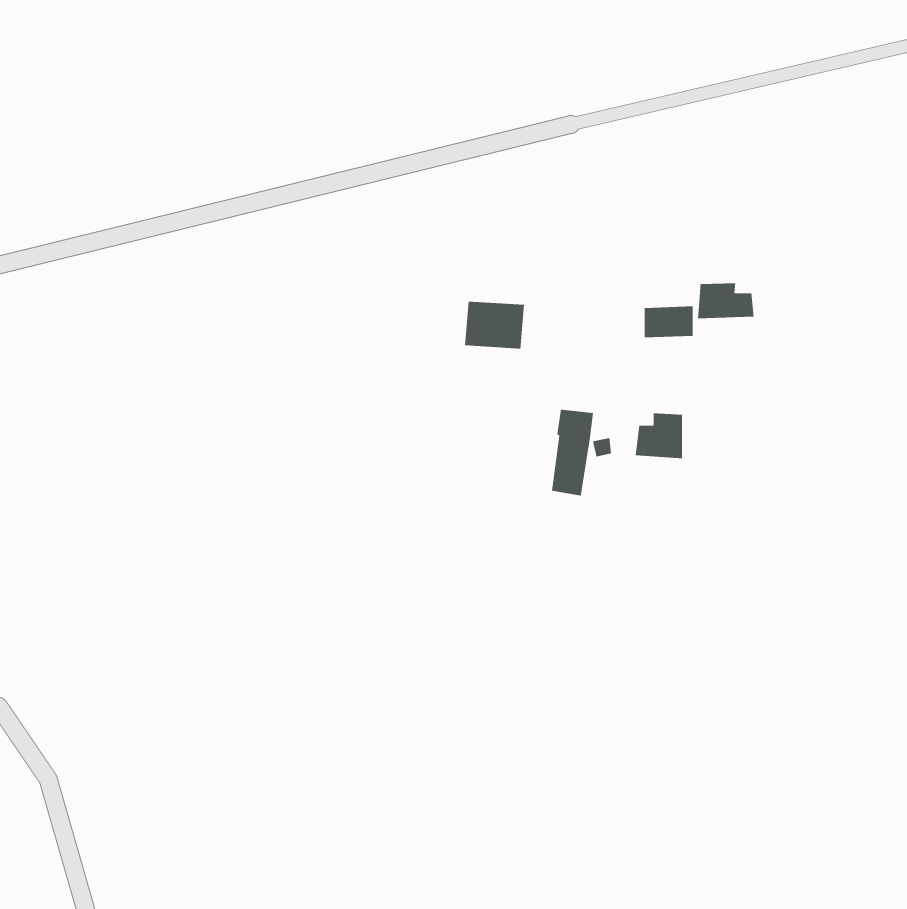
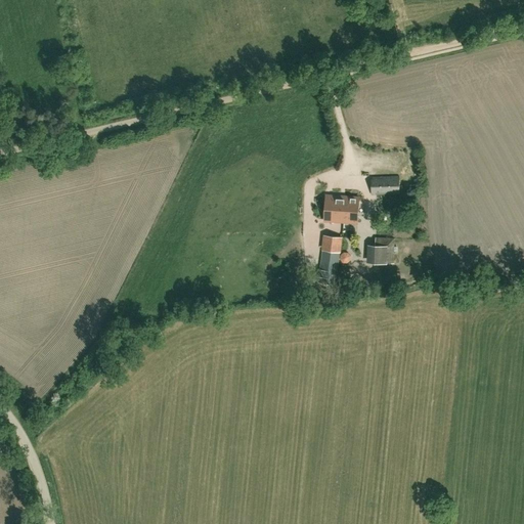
building: [697,283,754,319] -> none
building: [464,301,525,349] -> [323,195,358,223]

